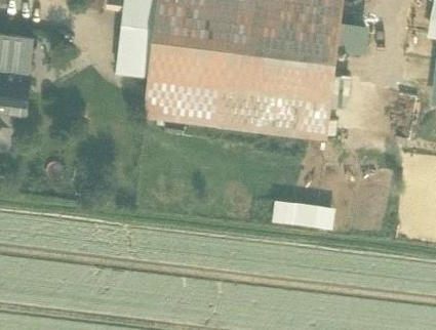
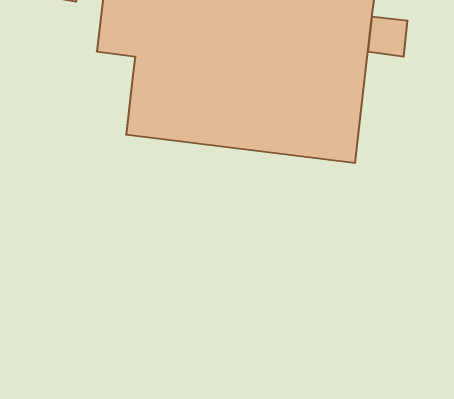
building: [118,46,151,68] -> none
building: [272,198,335,228] -> none

